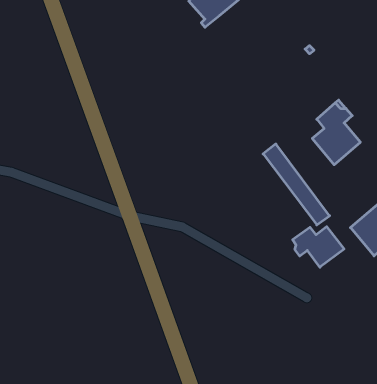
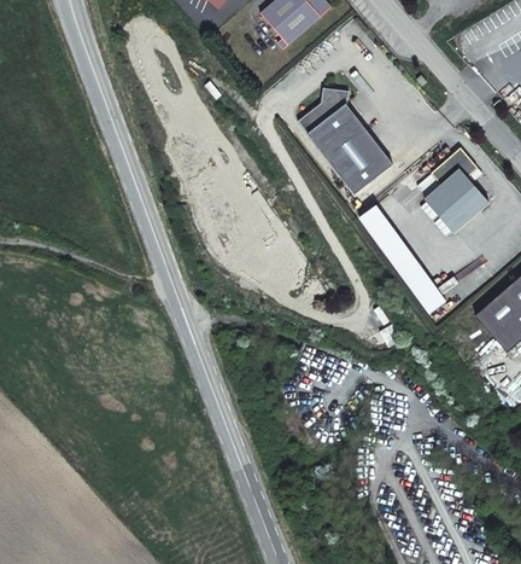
building: none -> [298,87,392,194]
building: [293,227,344,267] -> none

